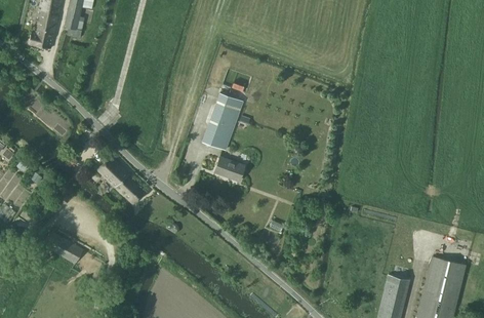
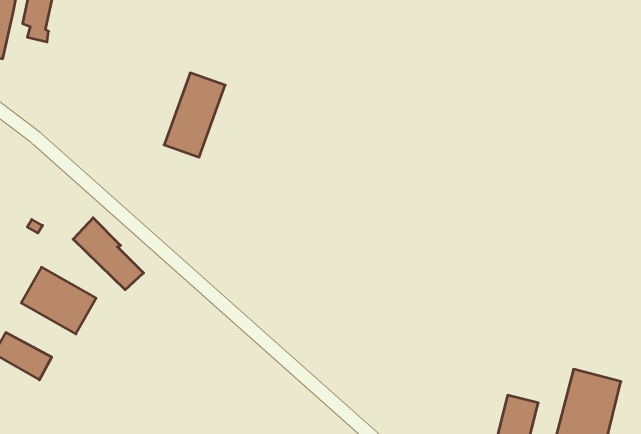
building: [202,93,243,150] -> [164,73,225,157]
building: [214,157,244,182] -> none
building: none -> [21,267,96,334]

